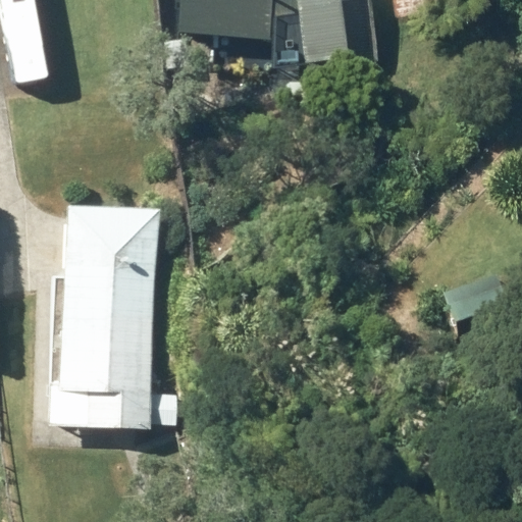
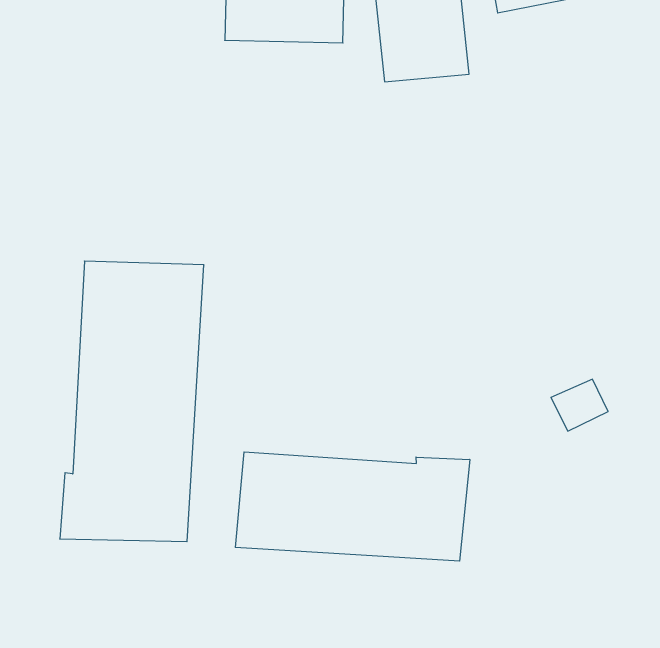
building: none -> [235,452,470,561]

